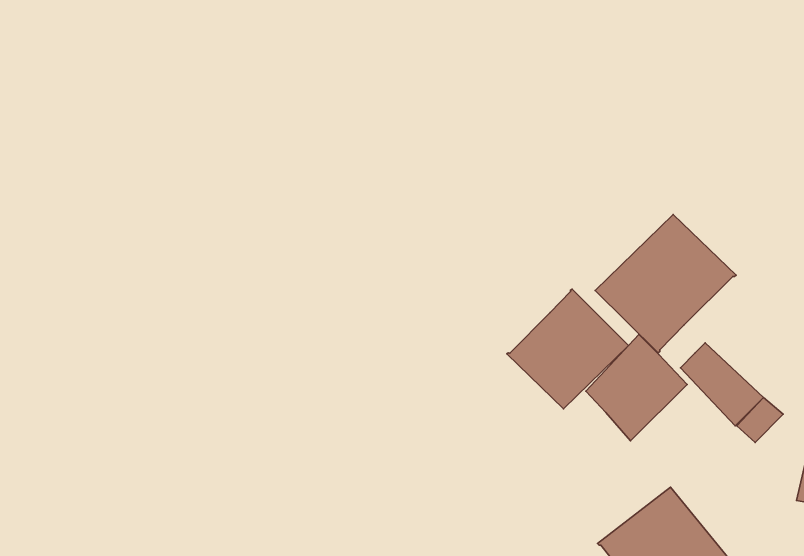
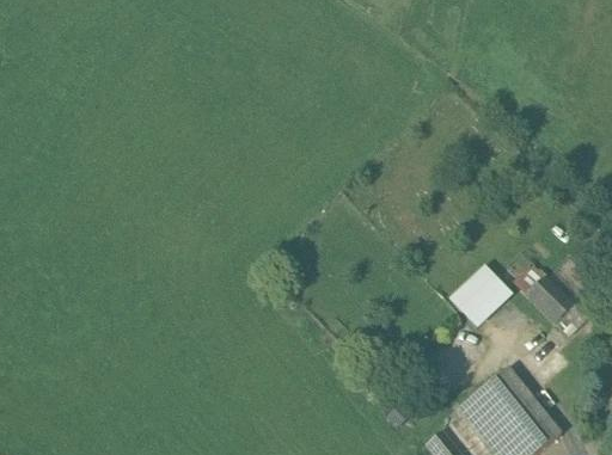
building: [595,214,736,353] -> none
building: [507,289,629,409] -> none

